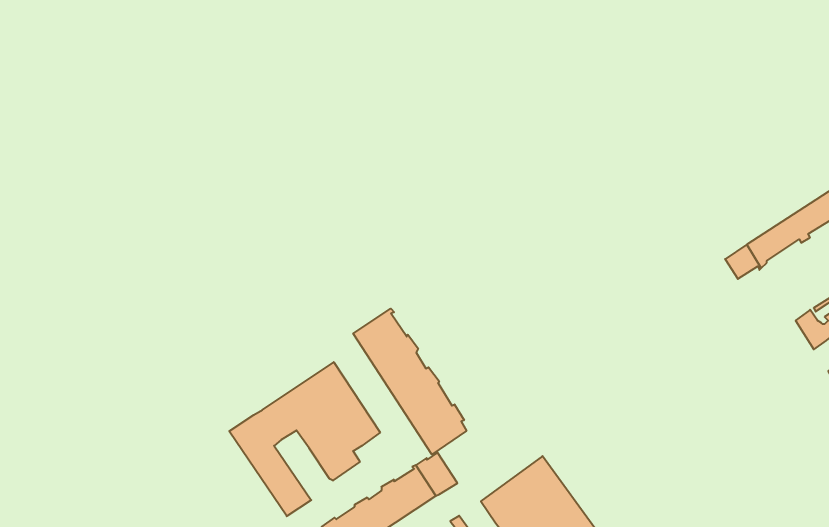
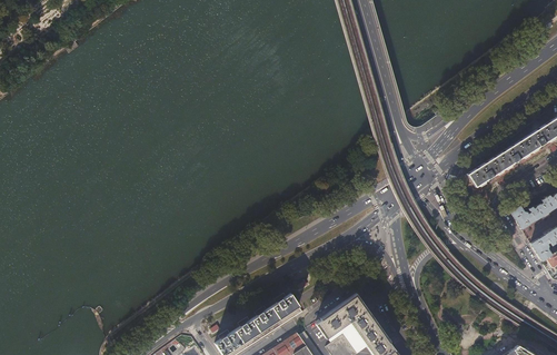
building: [353,309,466,454] -> none
building: [229,362,380,516] -> none

